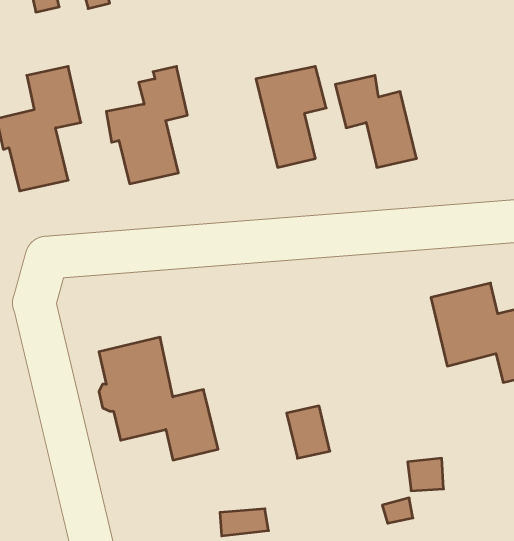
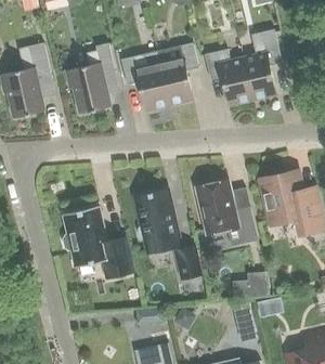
building: none -> [243,28,282,97]
building: none -> [120,50,169,108]
building: none -> [195,179,257,246]
building: none -> [133,188,181,251]

